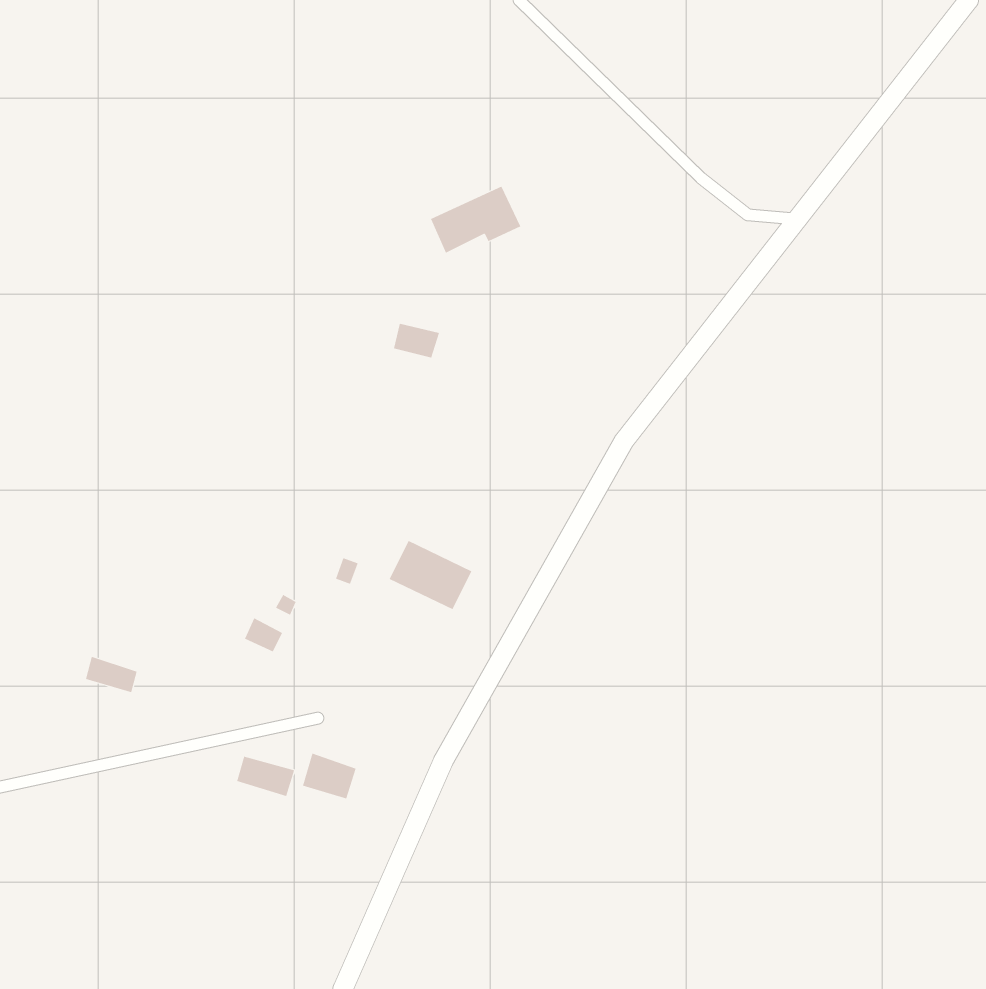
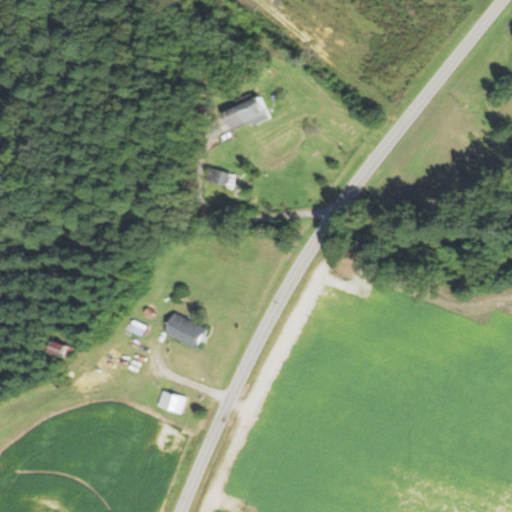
building: [389,540,472,610] -> [163,312,206,348]
building: [236,756,295,797] -> none

